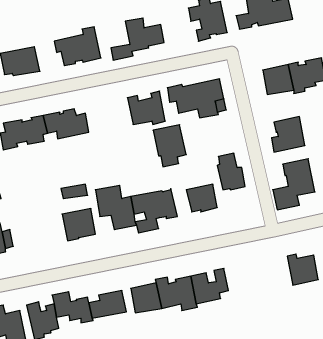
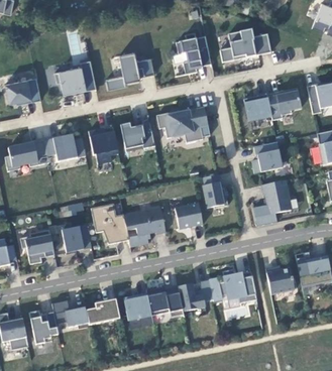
building: [153,125,186,167] -> [88,126,118,164]
building: none -> [19,230,53,264]
building: none -> [218,268,256,302]

